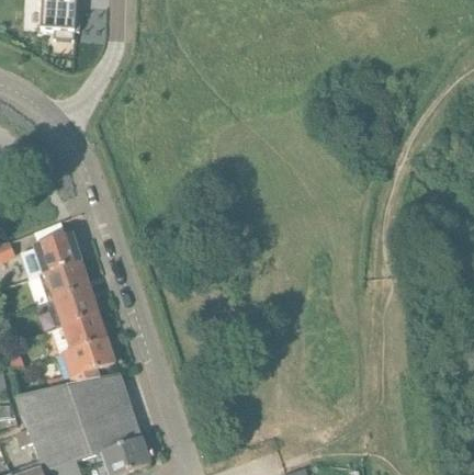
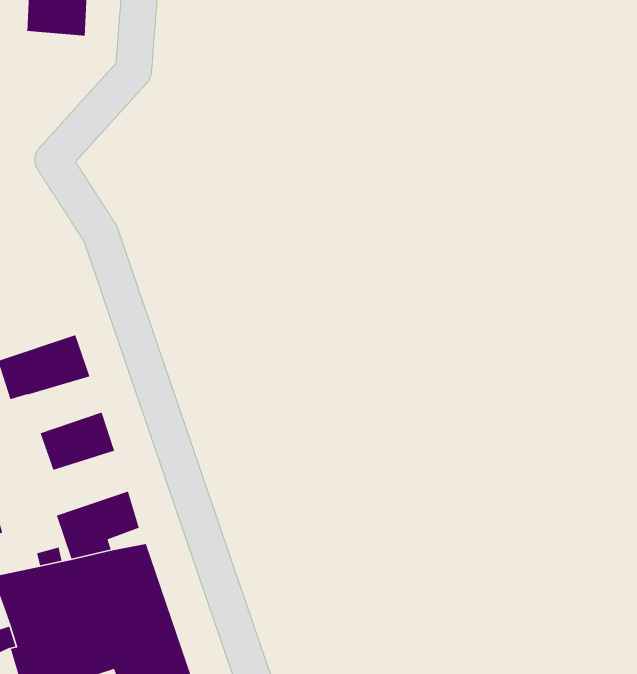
building: [40,263,89,301] -> none
building: [50,313,106,355] -> none

